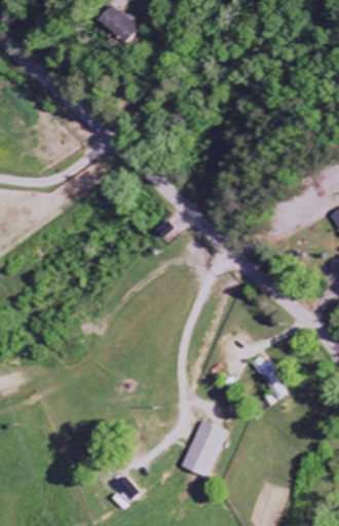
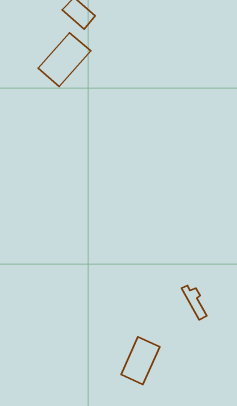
building: none -> [38,33,91,87]

